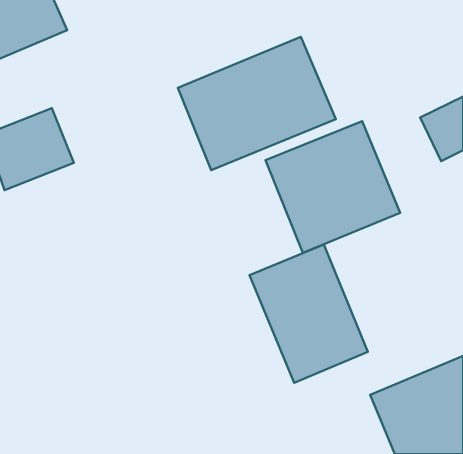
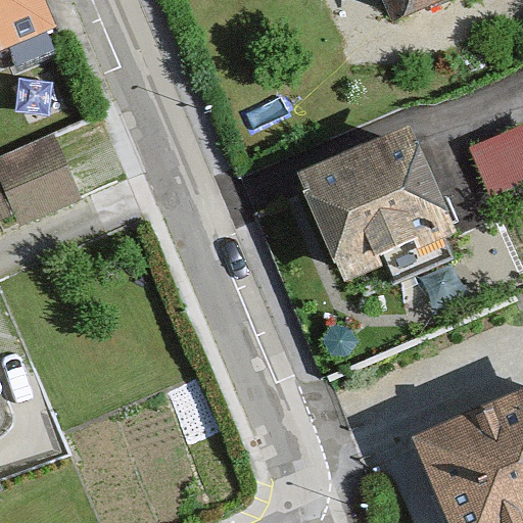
building: [178,37,336,170] -> none
building: [249,245,368,383] -> none

